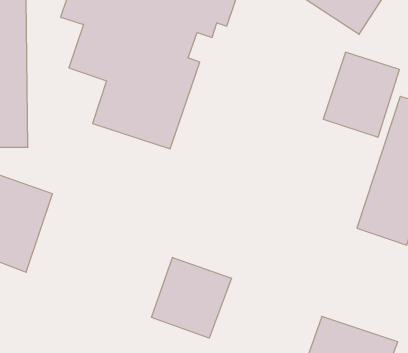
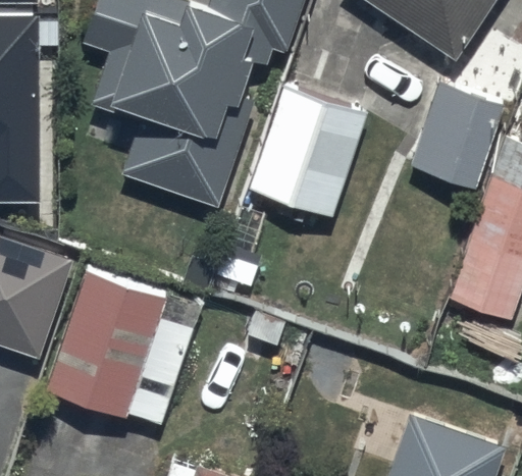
building: none -> [249,87,367,219]
building: none -> [40,260,202,422]
building: [152,257,231,338] -> none

